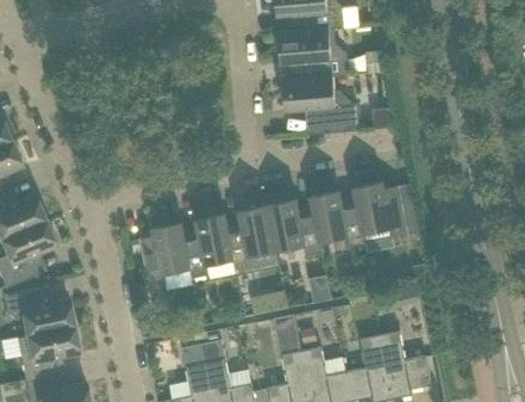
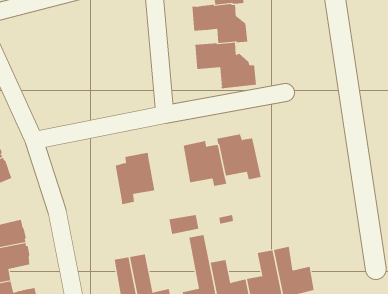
building: [352,181,408,237] -> none
building: [226,204,276,292] -> none
building: [139,222,190,286] -> none

